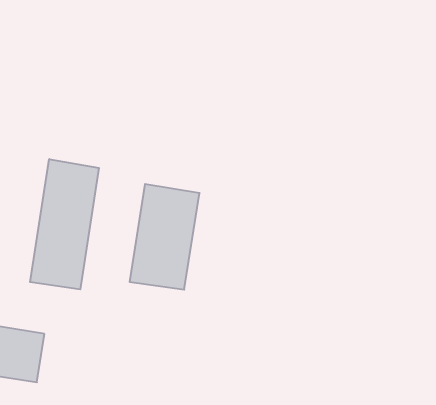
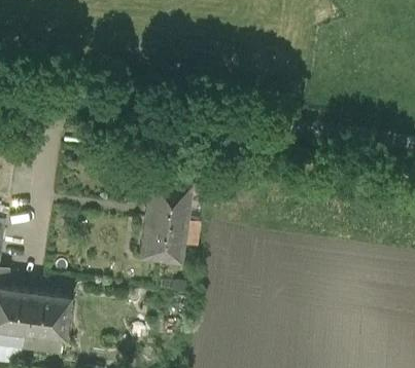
building: [30,159,99,289] -> none

